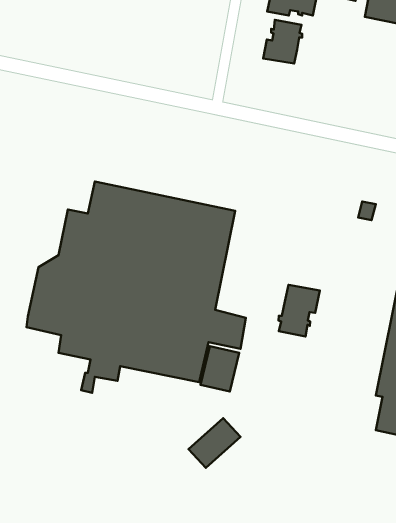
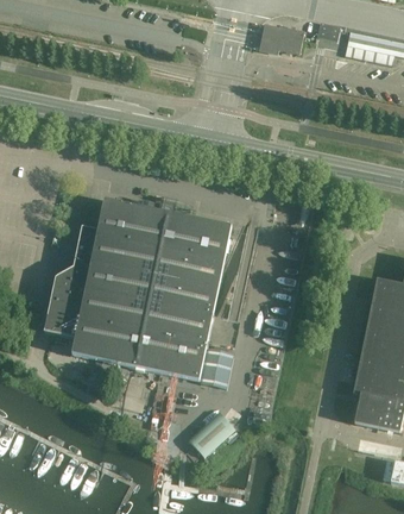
building: [263,20,302,63] -> none
building: [279,285,320,336] -> none

